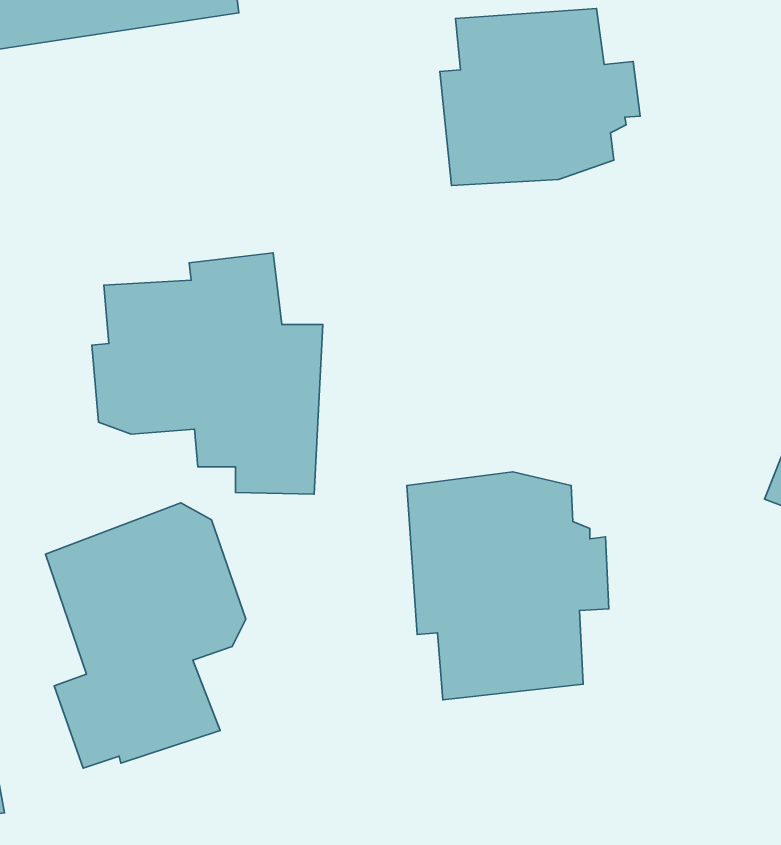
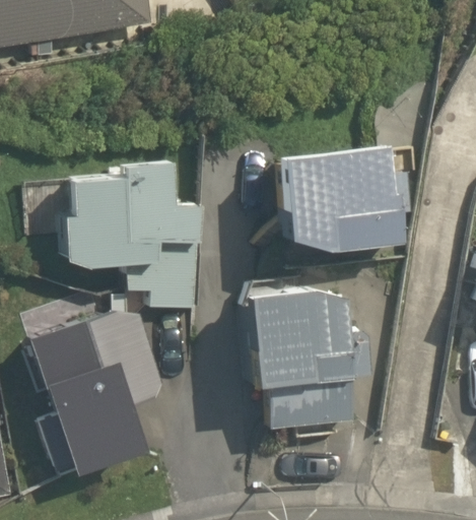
building: [440,9,640,186] -> none
building: none -> [280,145,414,255]

